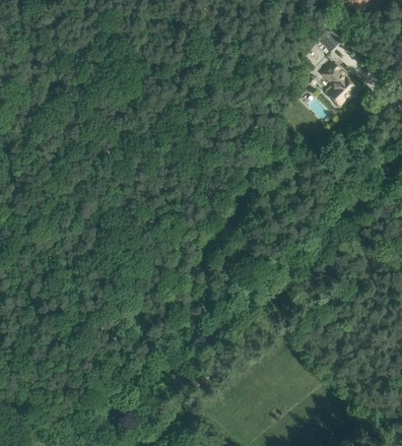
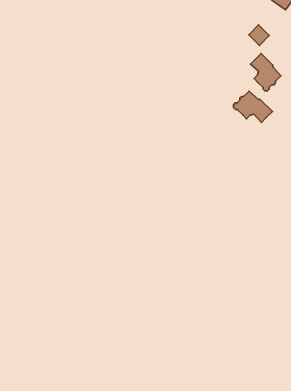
building: none -> [233,91,272,123]

